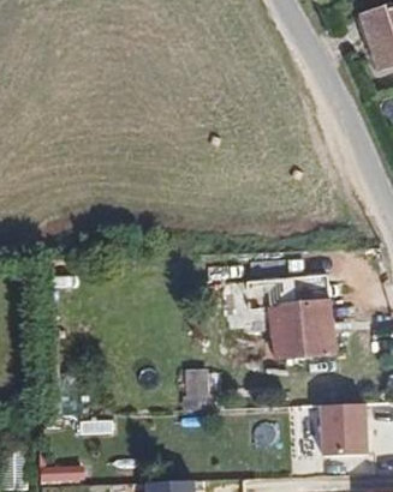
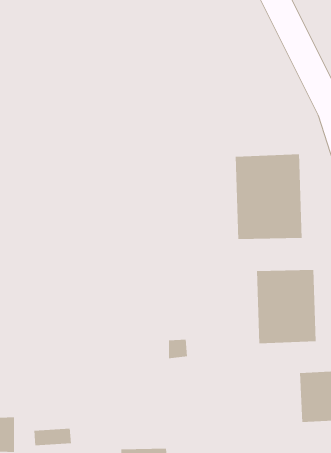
building: none -> [235,153,302,240]

